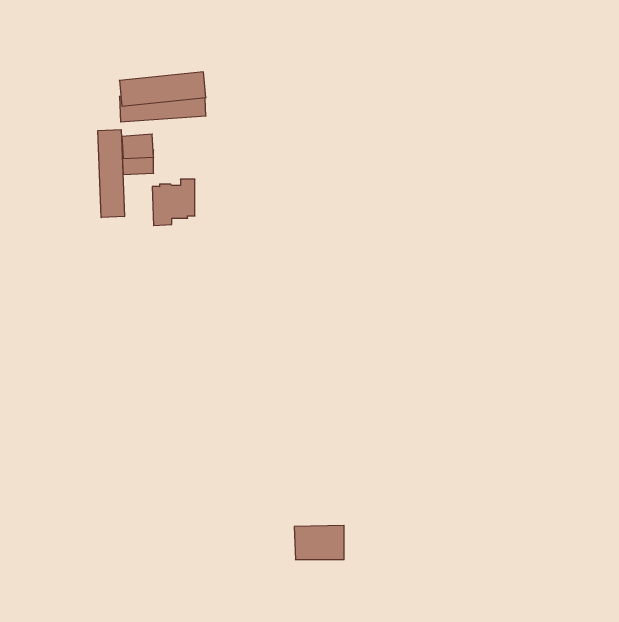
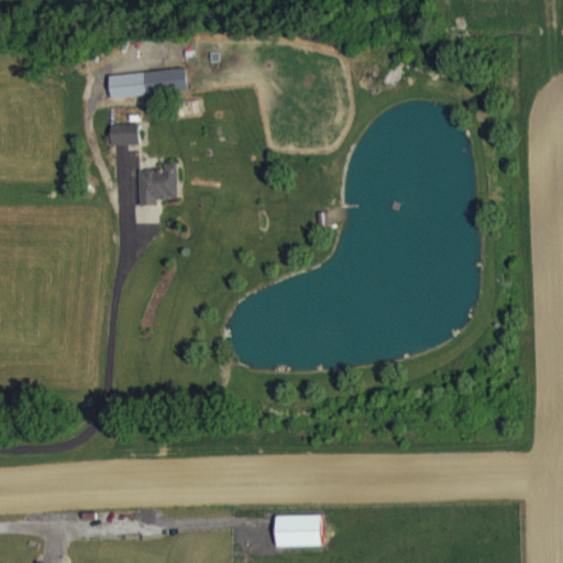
building: [98,130,124,218] -> none
building: [294,525,344,560] -> [275,514,320,544]

